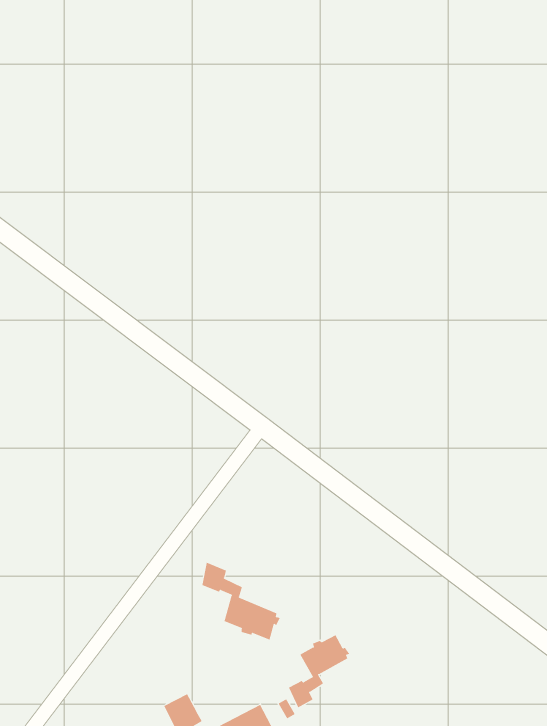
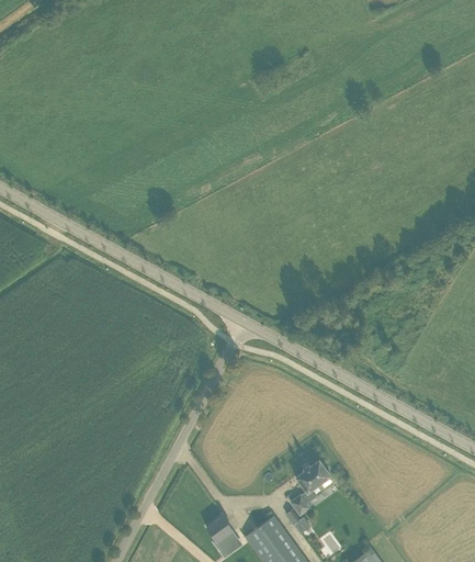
building: [202,562,281,641] -> none

